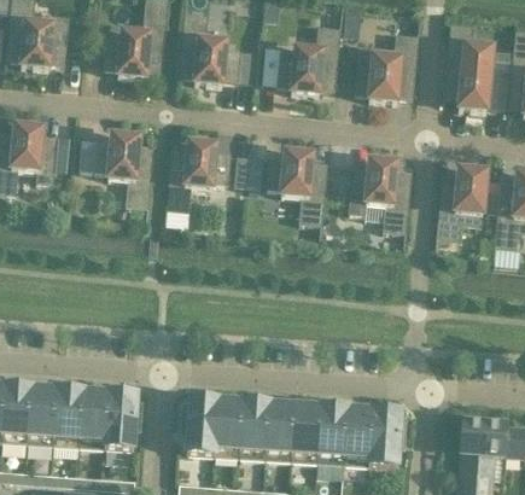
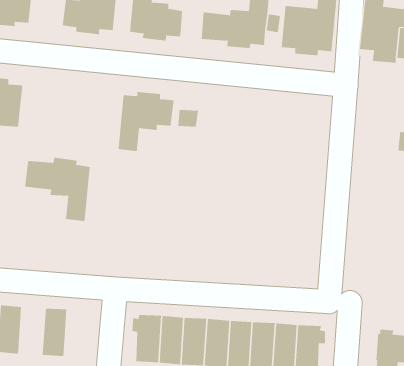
building: [78,134,154,222] -> [24,157,91,234]
building: [267,151,328,238] -> none
building: [349,159,413,246] -> none
building: [434,168,486,250] -> none
building: [53,390,83,446] -> none
building: [105,392,141,449] -> none

